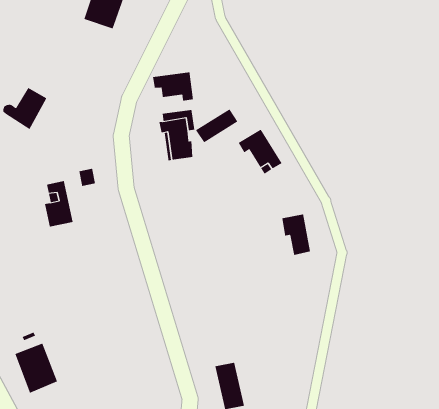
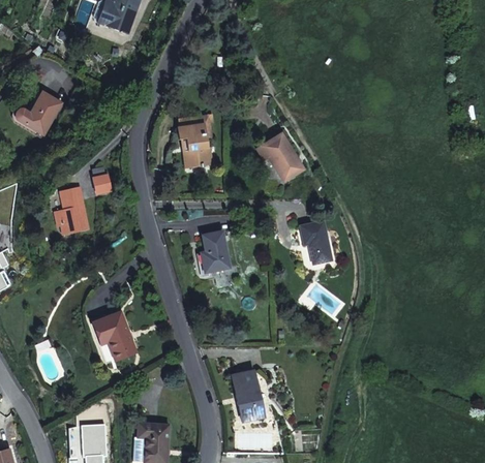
building: [153,71,194,101] -> none
building: [195,109,238,143] -> none
building: none -> [201,230,230,271]
building: [14,343,58,394] -> [92,311,137,363]

